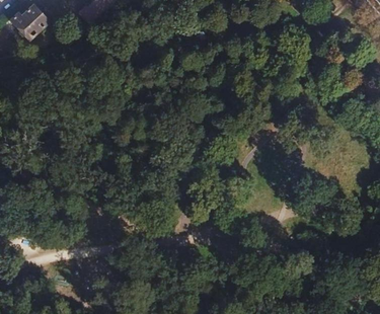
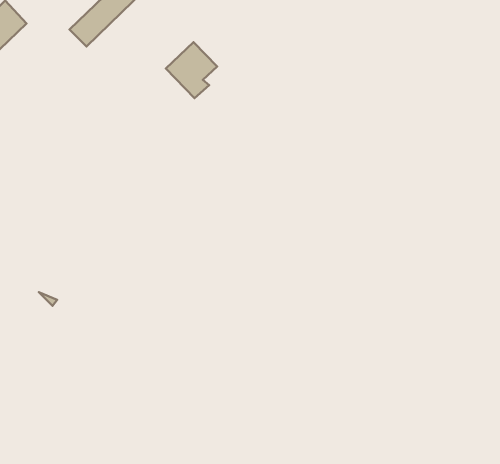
building: none -> [166,42,217,98]

